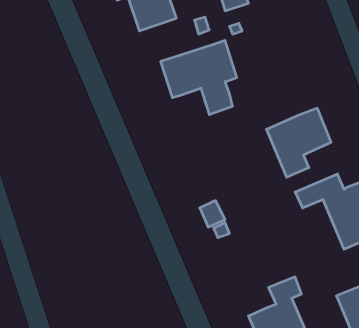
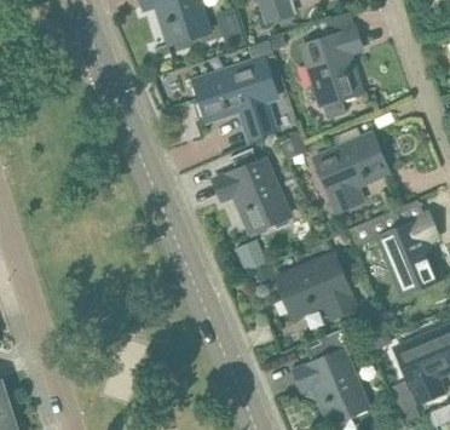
building: none -> [302,28,362,120]
building: none -> [213,147,289,233]
building: none -> [276,253,357,319]

